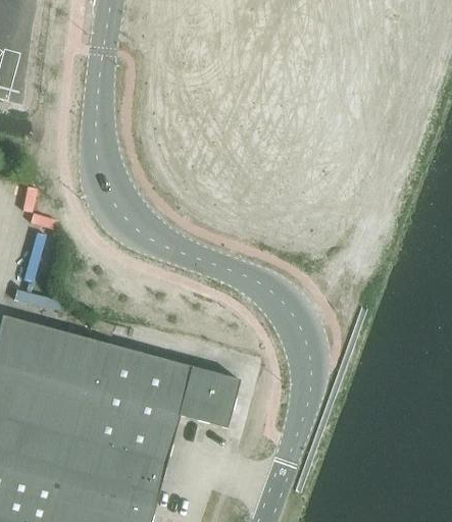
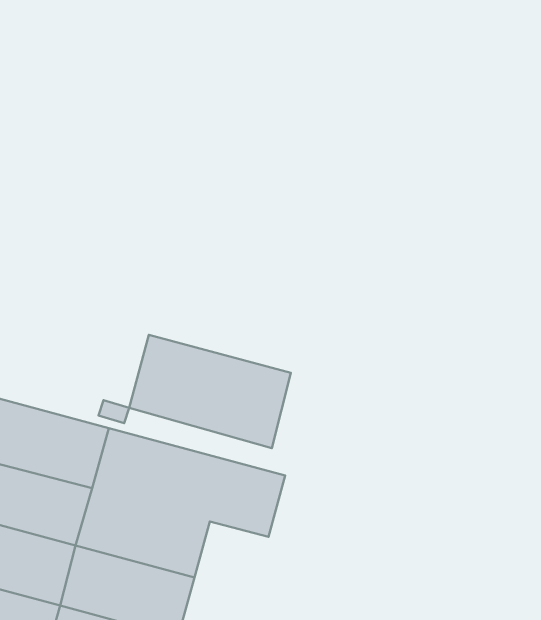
building: none -> [129,335,291,448]

